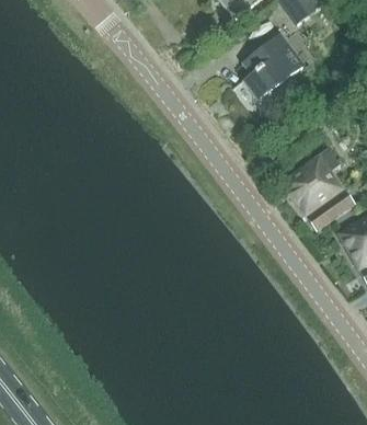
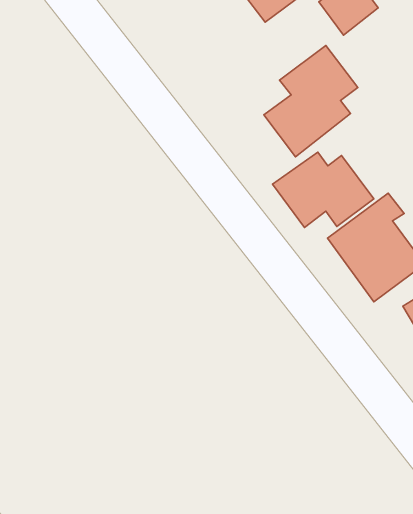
building: none -> [272,152,374,228]

